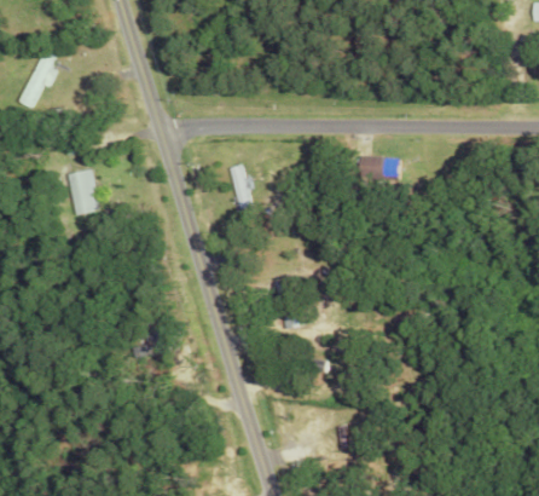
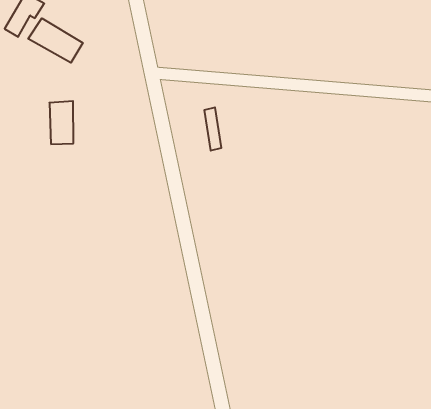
building: none -> [28,18,83,63]

